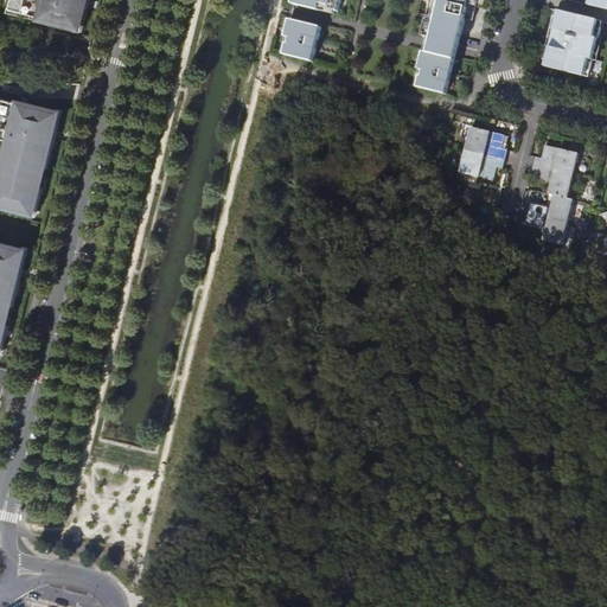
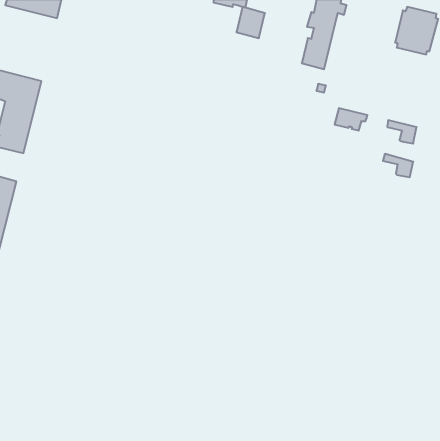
building: [281,18,320,60] -> [236,7,265,38]
building: [465,127,506,158] -> none
building: [532,143,577,174] -> none
building: [528,194,573,222] -> none

